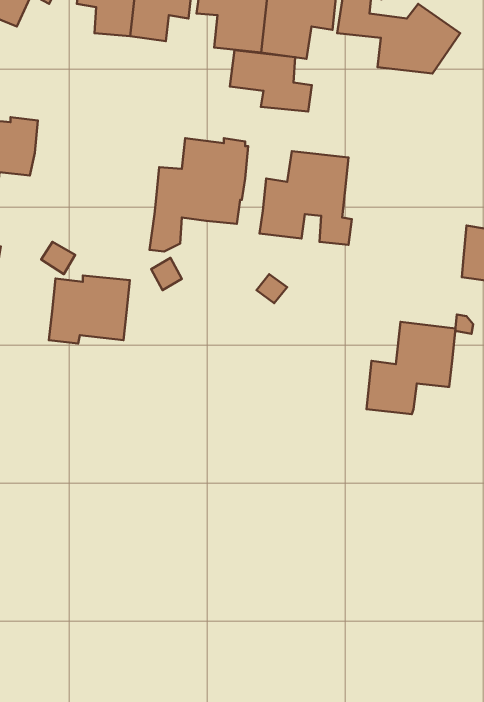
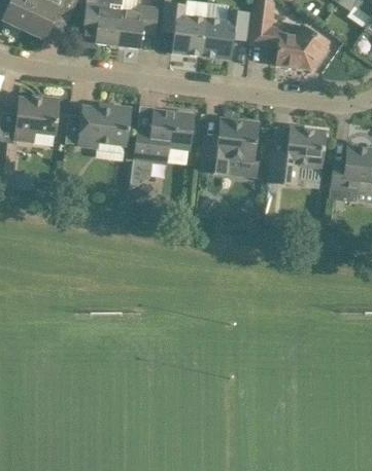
building: [230,50,312,111] -> none
building: [49,275,130,343] -> [79,103,131,146]
building: [367,322,456,414] -> [269,125,326,184]

